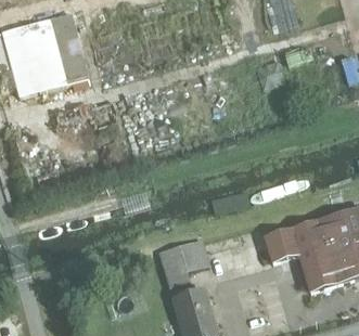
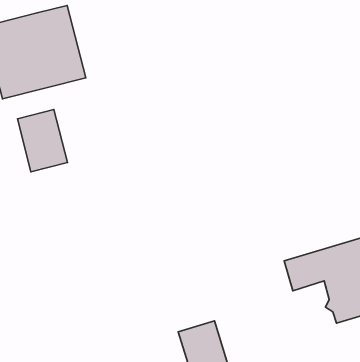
building: none -> [17,110,68,172]
building: [161,238,210,287] -> none

